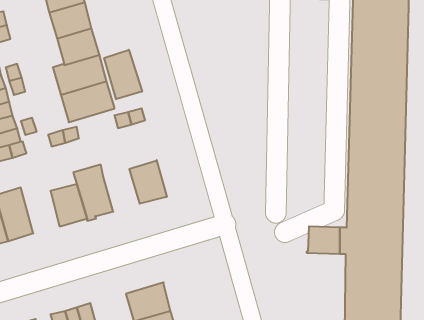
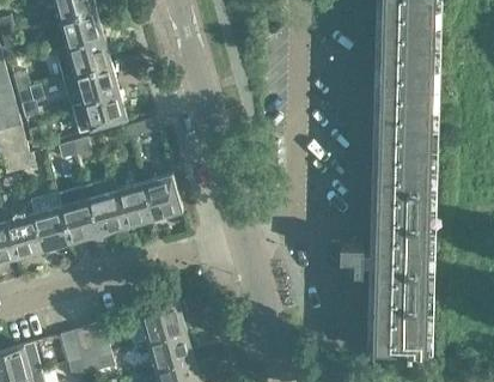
building: [104,50,142,99] -> none
building: none -> [116,184,154,229]
building: none -> [30,204,71,251]

